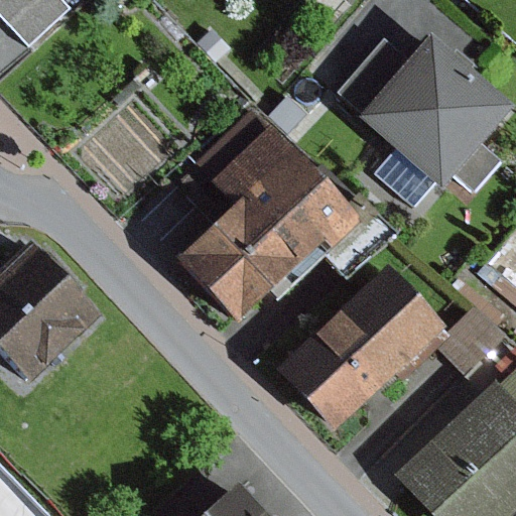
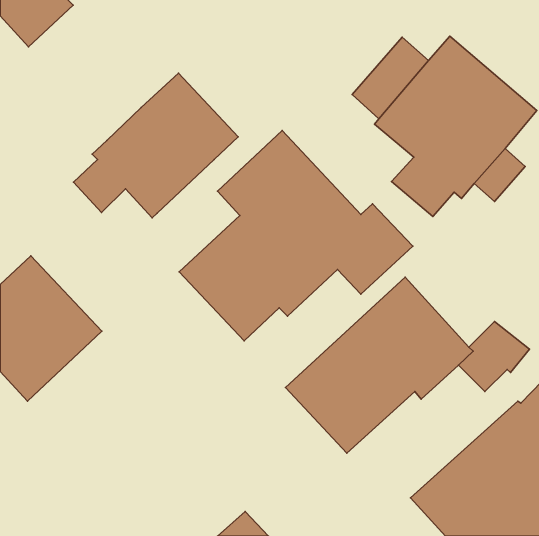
building: none -> [74,73,238,218]

